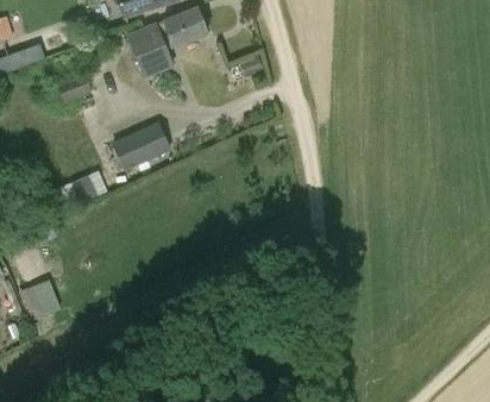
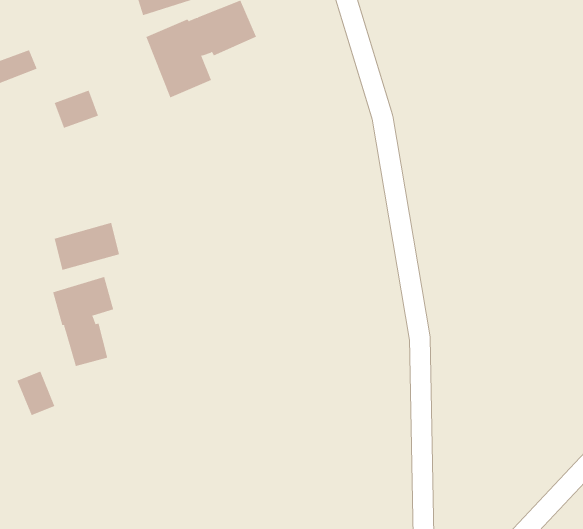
building: [111,121,171,171] -> none
building: none -> [52,276,114,367]

